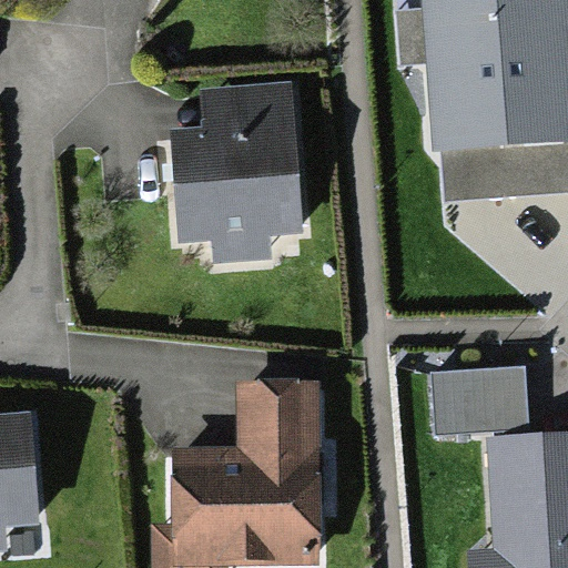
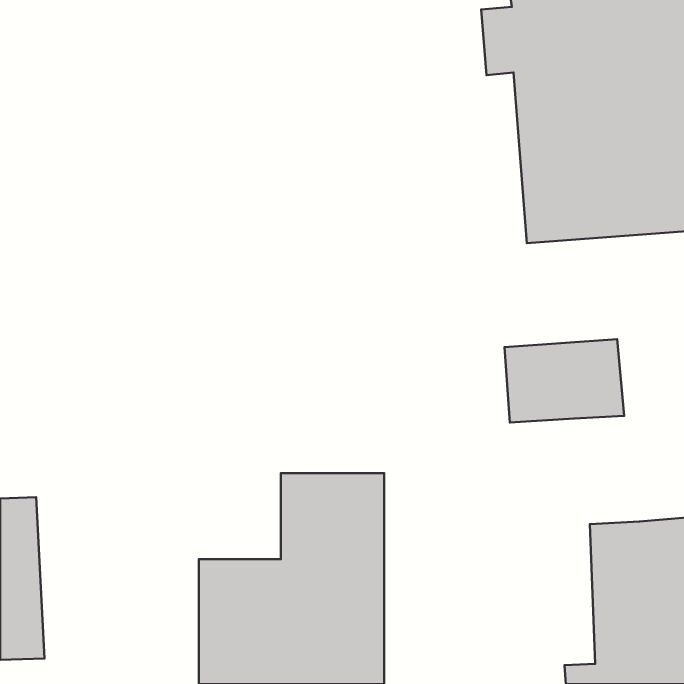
building: [174,83,298,251] -> none
building: [432,367,530,436] -> [504,339,624,423]

